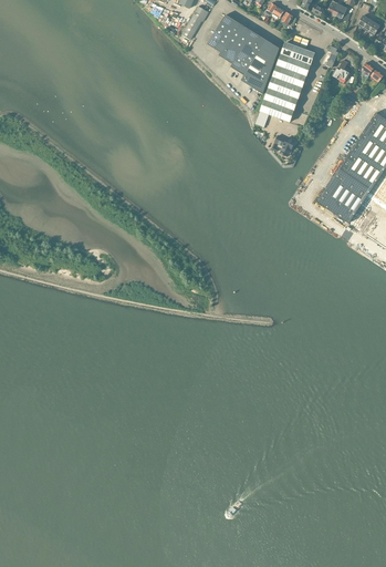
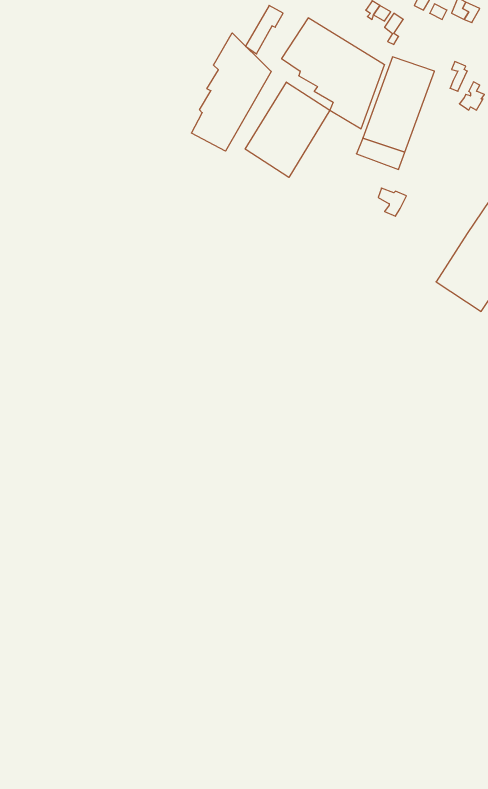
building: none -> [191,33,271,151]
building: none -> [245,82,330,177]

